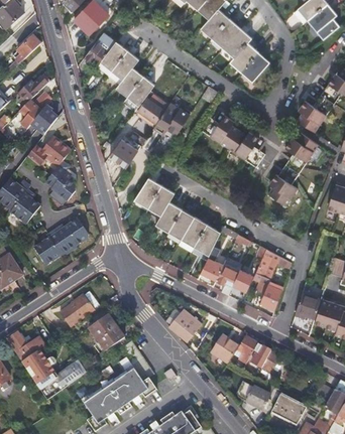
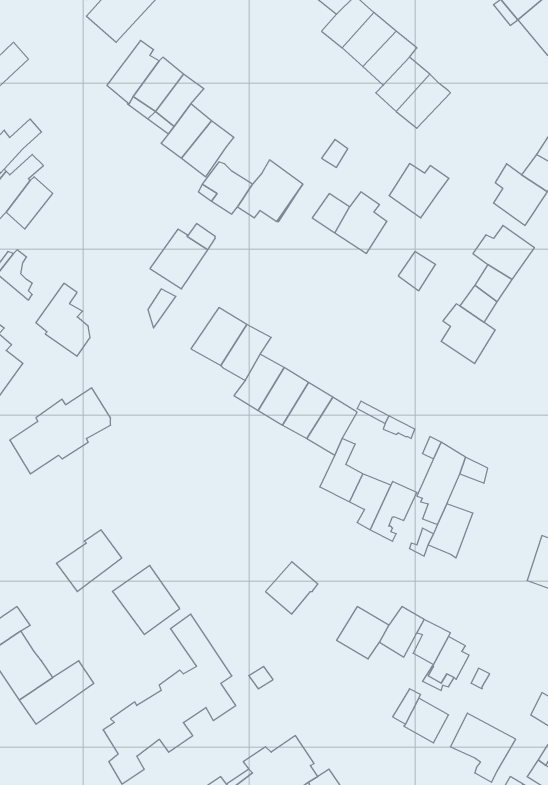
building: [226,129,258,158] -> [389,164,449,218]
building: [41,138,71,166] -> none
building: [294,291,319,317] -> none

